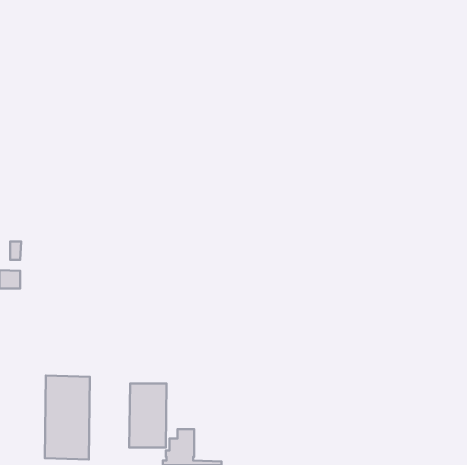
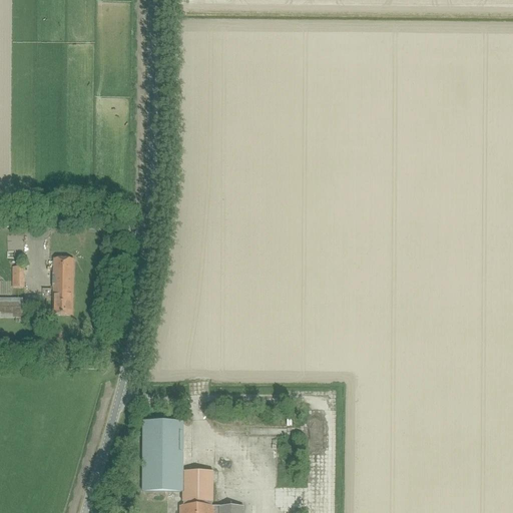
building: none -> [52,256,73,313]
building: [45,376,90,460] -> none

